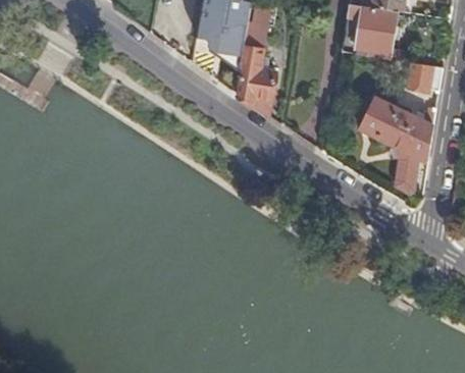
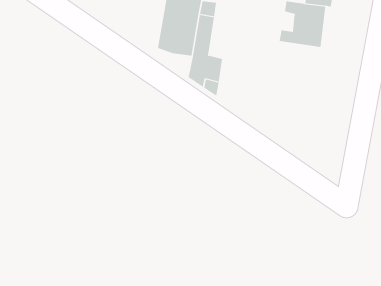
building: [404,61,442,90] -> none
building: [358,95,434,192] -> none

